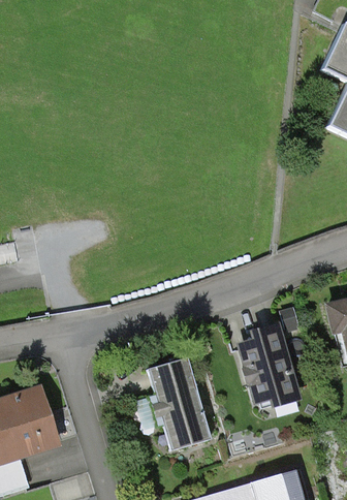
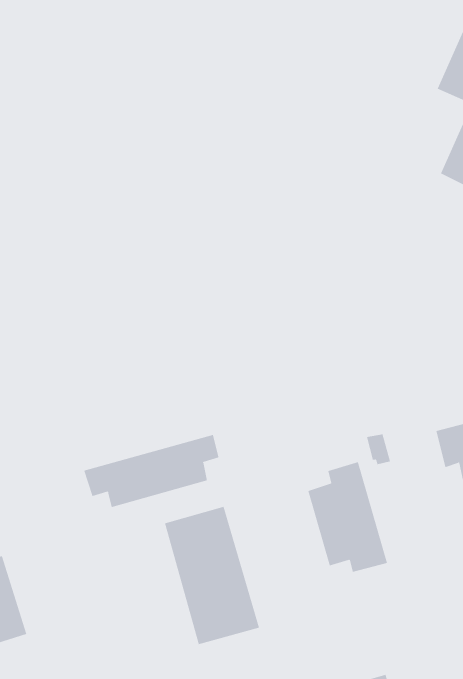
building: none -> [83,434,219,508]

